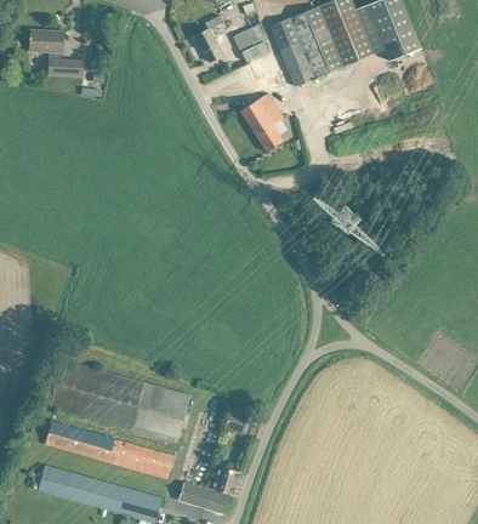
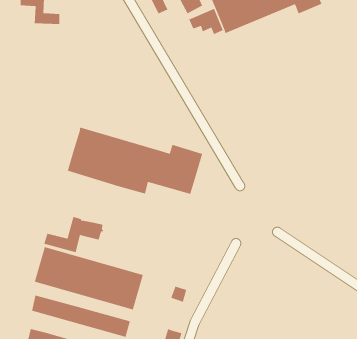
building: [240,92,284,152] -> none
building: none -> [67,126,203,195]
building: none -> [43,216,104,253]

